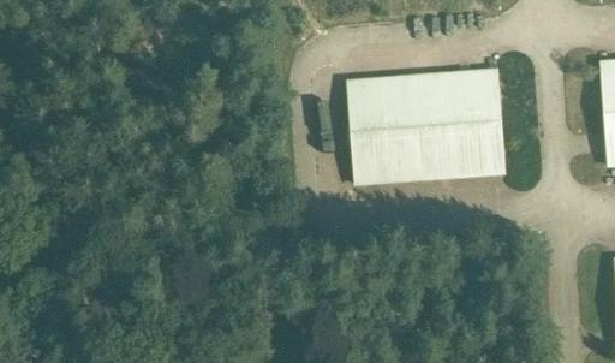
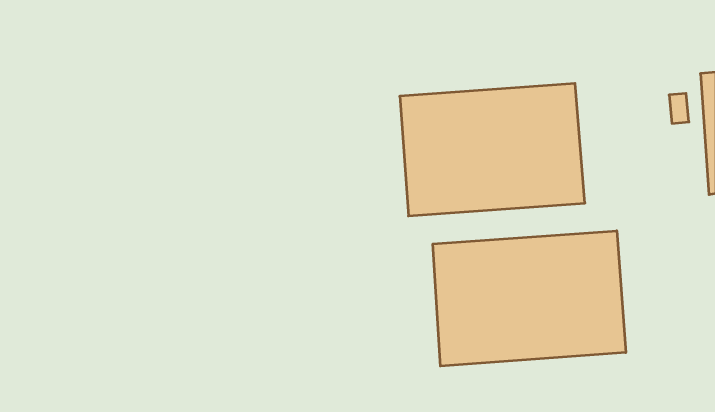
building: none -> [433,231,626,366]

